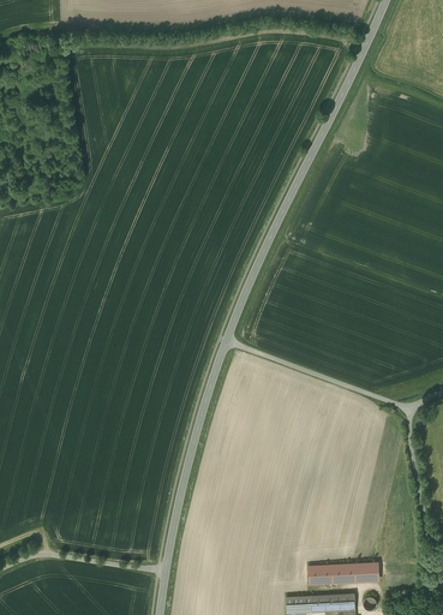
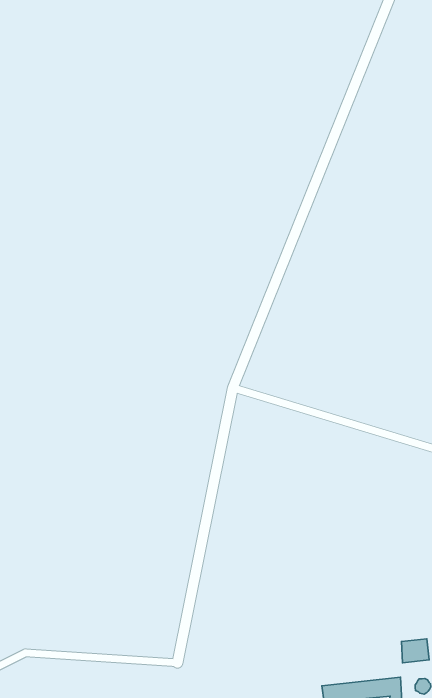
building: [307,565,355,585] -> none

